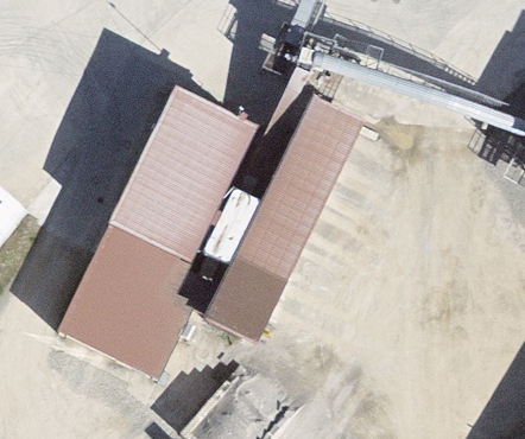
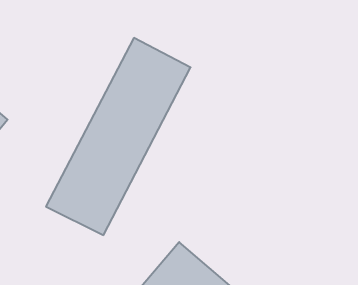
building: [214,96,367,338] -> none

